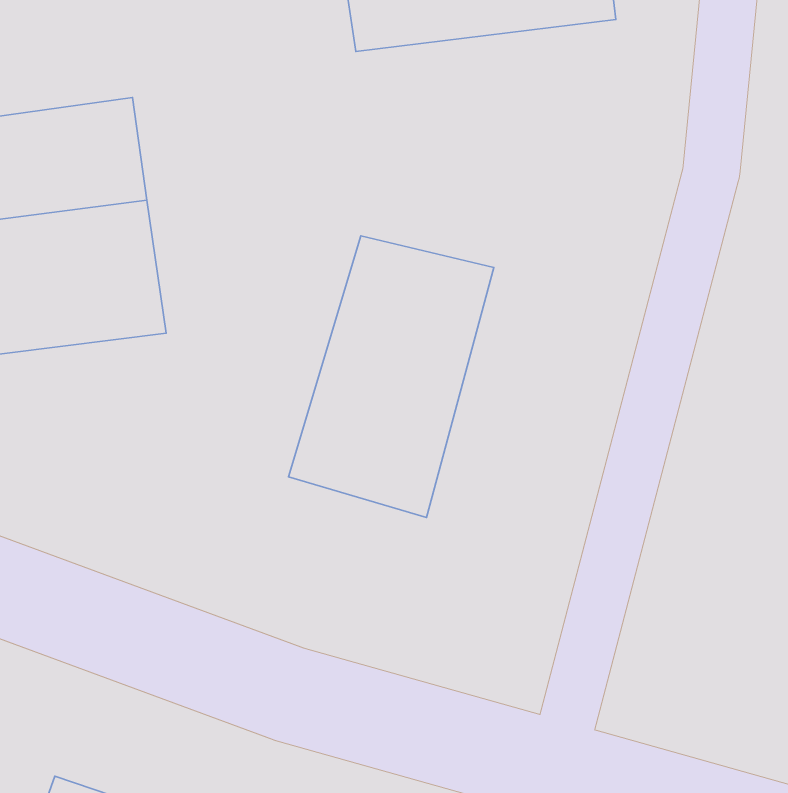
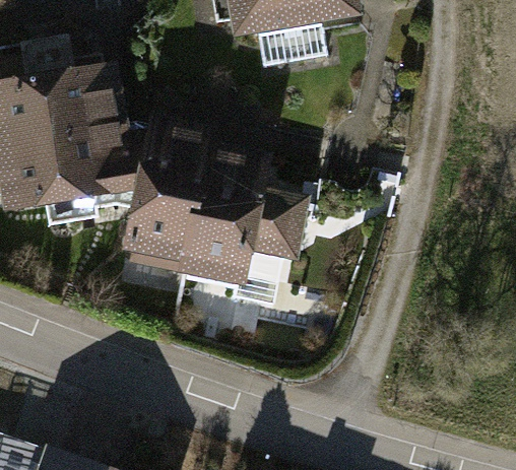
building: none -> [115,118,233,278]

